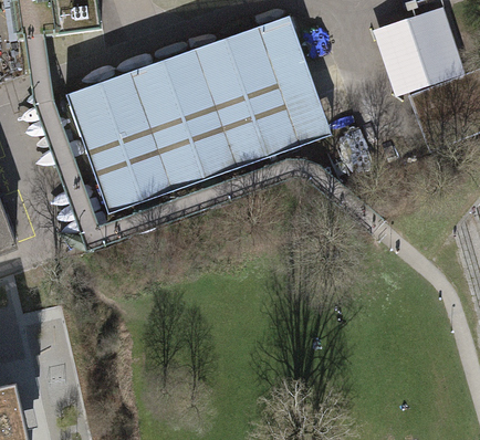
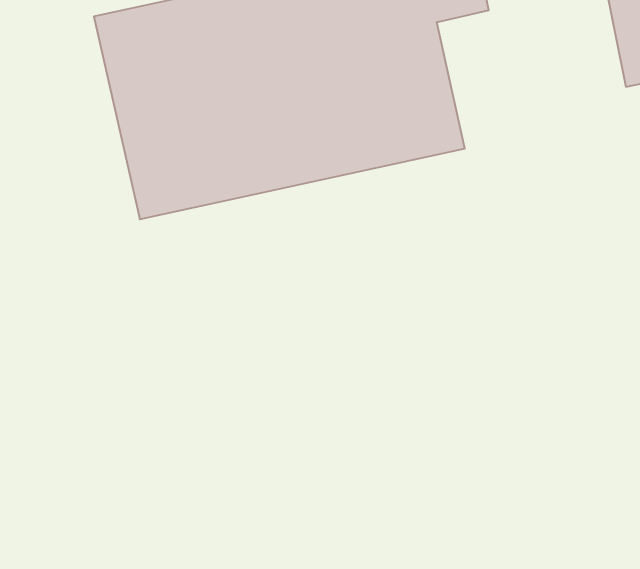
building: [274,59,332,145] -> none

